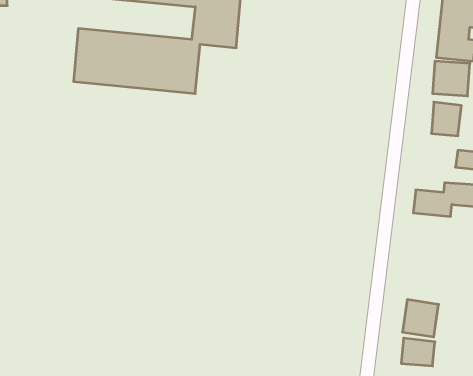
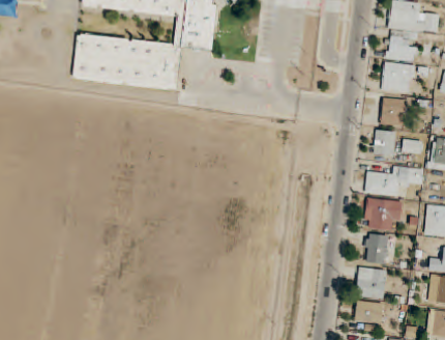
building: none -> [374,129,395,157]
building: none -> [364,197,402,231]
building: none -> [363,232,389,265]

